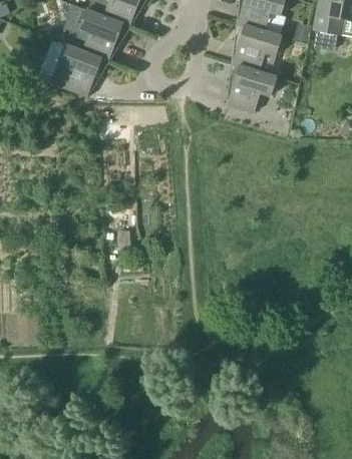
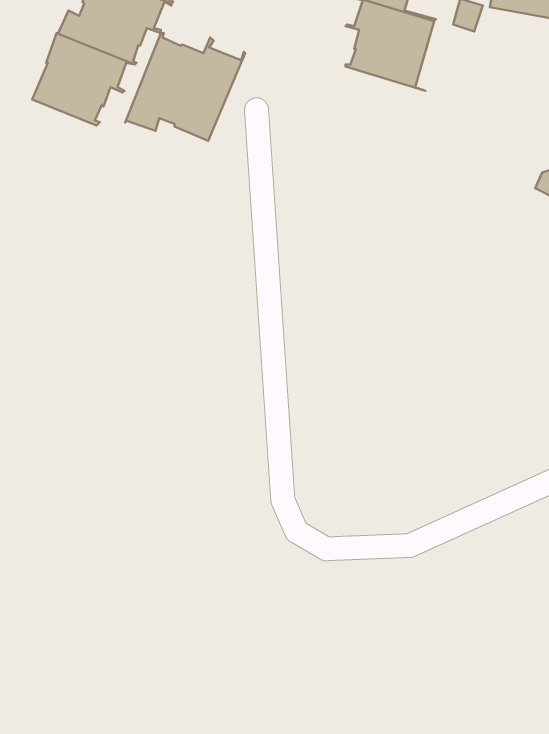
building: none -> [125,33,245,141]
building: [226,62,277,112] -> none

